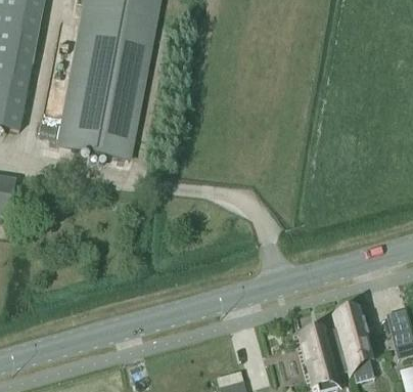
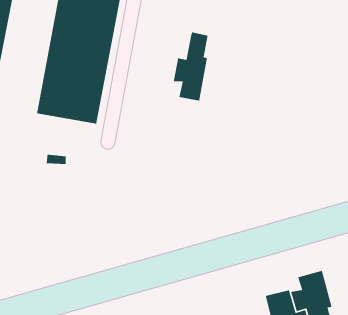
building: none -> [173,31,209,101]

